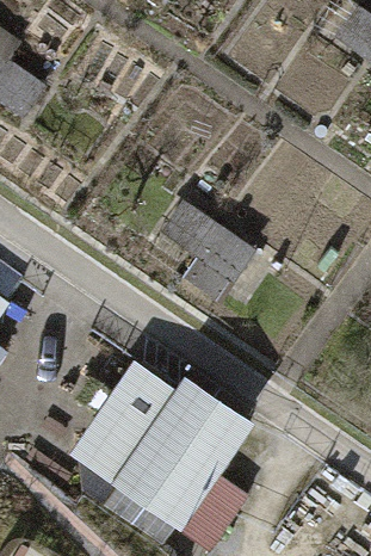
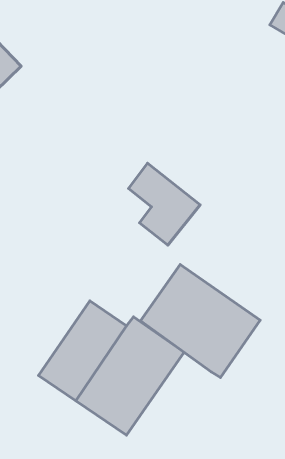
building: none -> [140,265,260,377]

